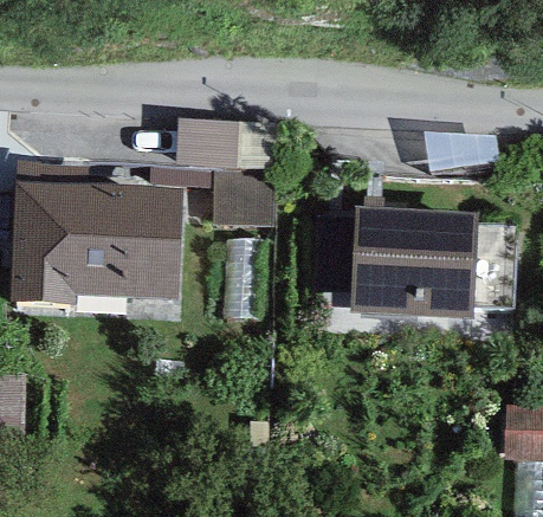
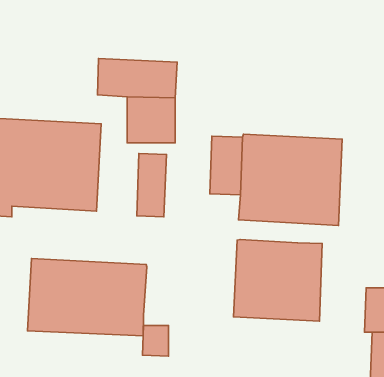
building: none -> [234,240,322,321]
building: none -> [27,259,147,336]

